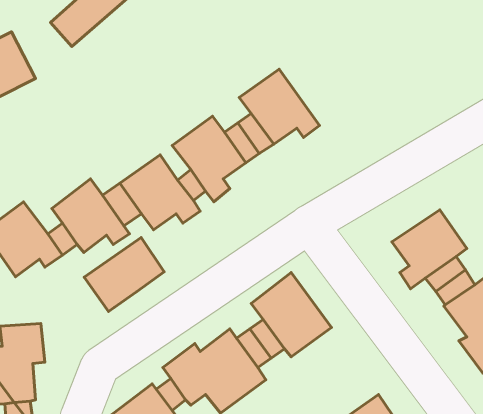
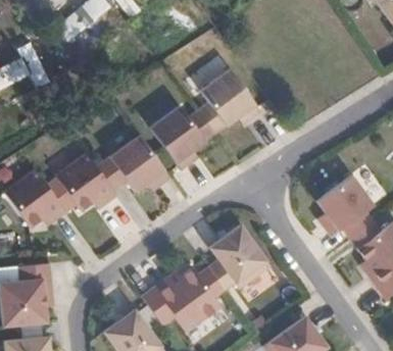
building: [84,237,164,312] -> none

